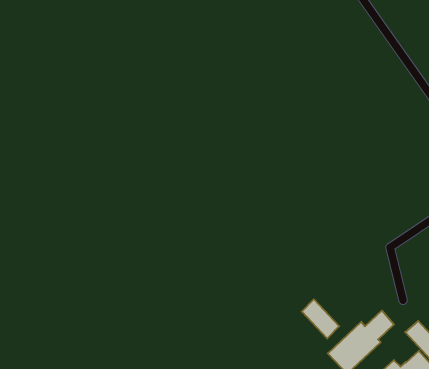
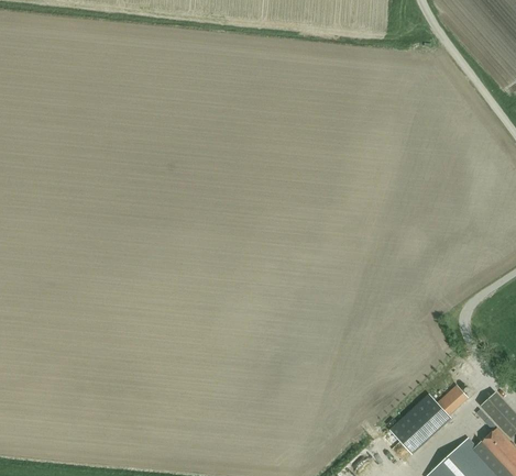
building: [302,299,339,339] -> none

